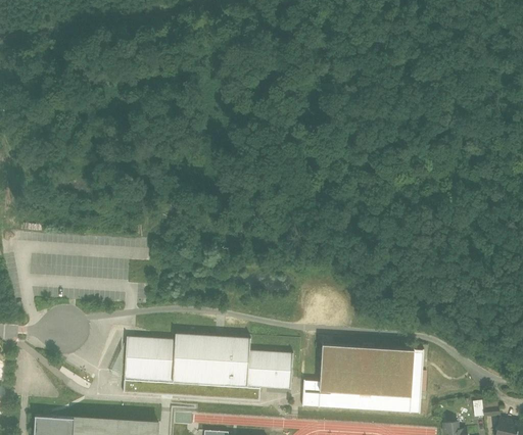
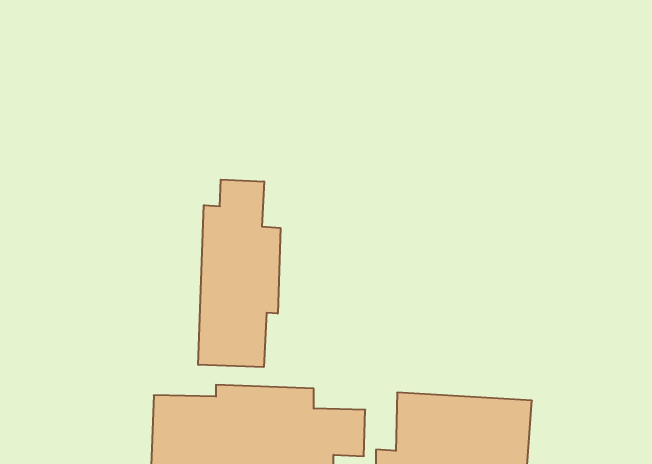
building: none -> [198,180,280,367]

